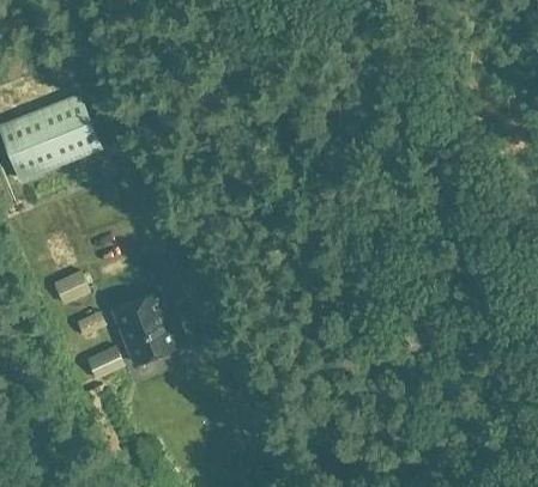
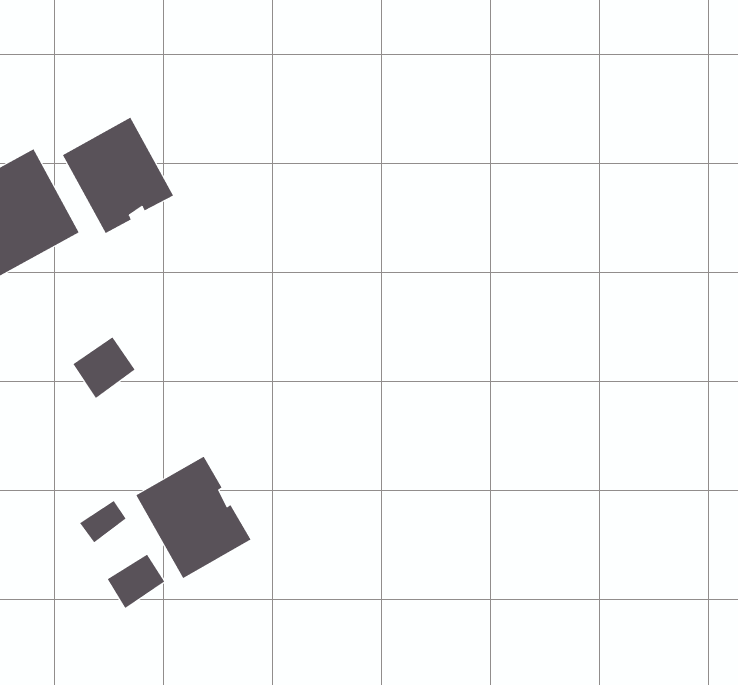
building: none -> [62,117,174,234]
building: [53,270,90,306] -> [73,336,135,399]

